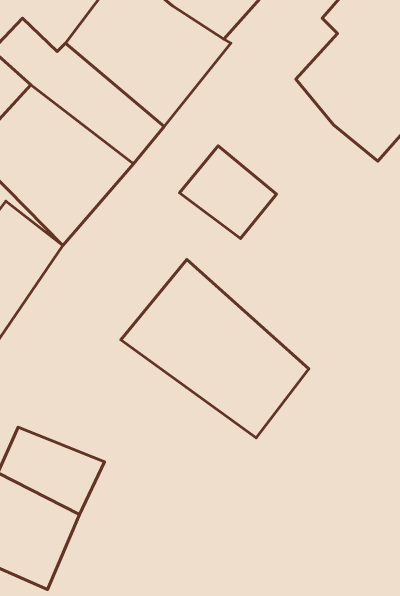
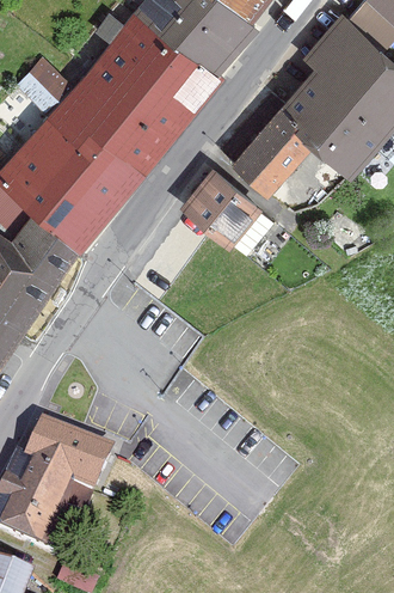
building: none -> [230,111,312,198]
building: [121,260,309,438] -> none

